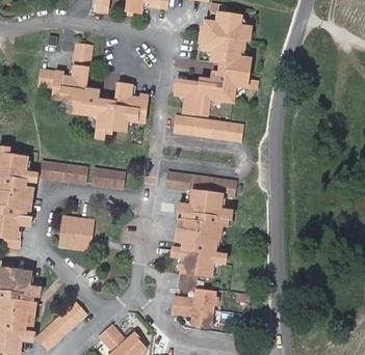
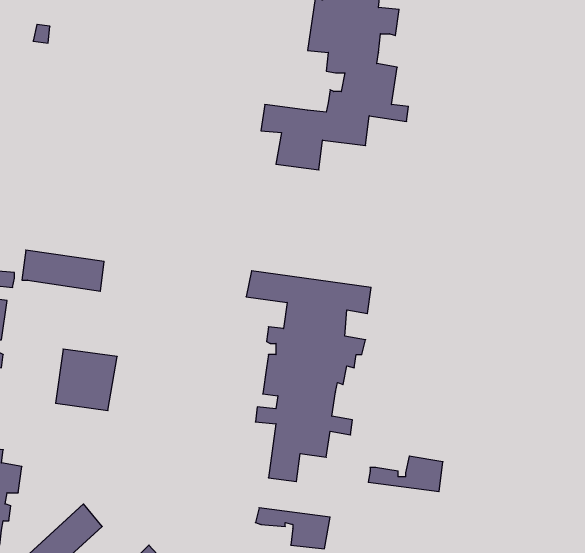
building: [41,44,148,138] -> none
building: [174,115,242,141] -> none
building: [93,168,126,189] -> none
building: [174,290,215,309] -> [368,456,443,492]

